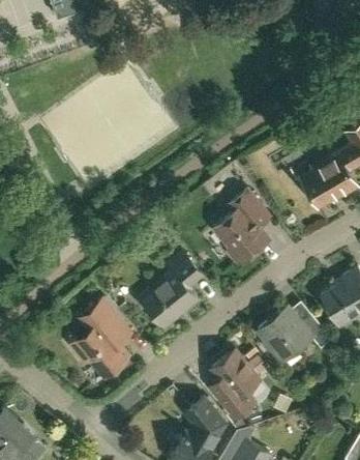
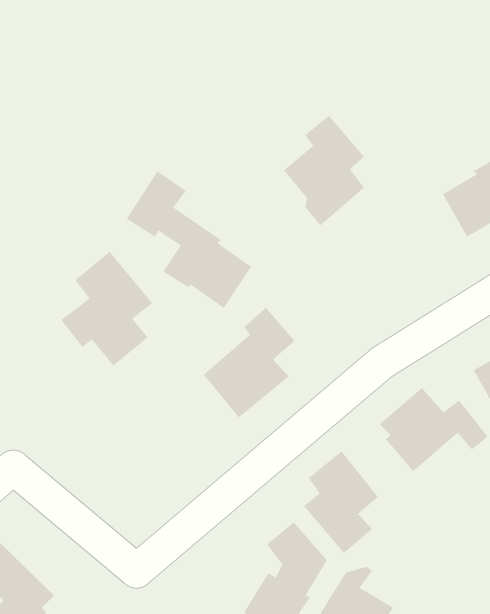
building: none -> [126,171,252,309]
building: [216,191,271,265] -> [283,115,365,226]
building: [70,298,132,376] -> [61,251,153,366]

